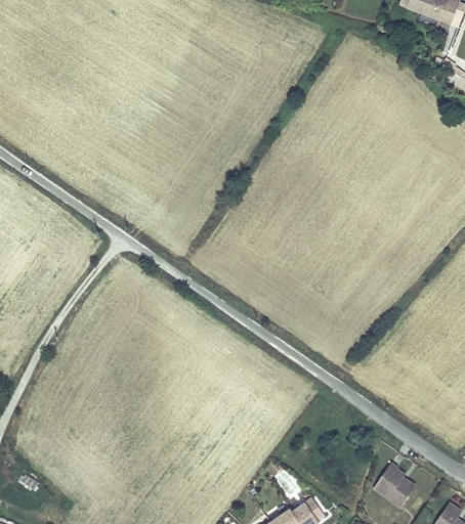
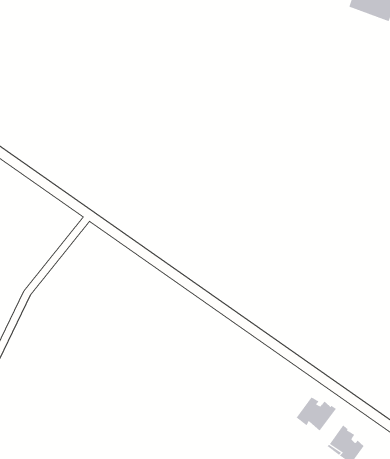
building: none -> [296,396,337,432]

